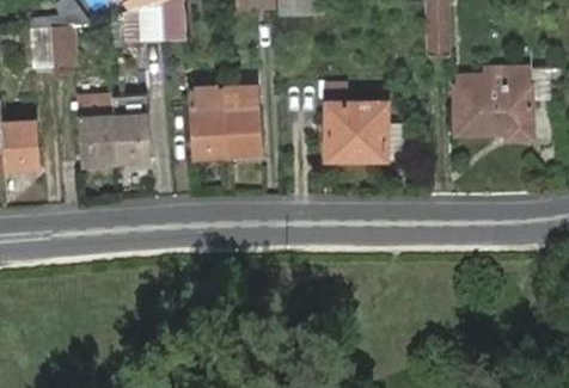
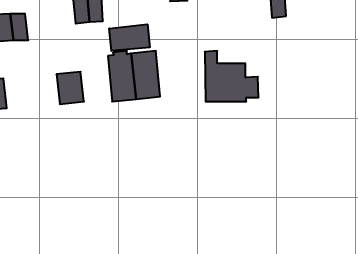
building: none -> [109,24,150,51]
building: [455,67,534,136] -> none
building: [79,99,120,164] -> none

